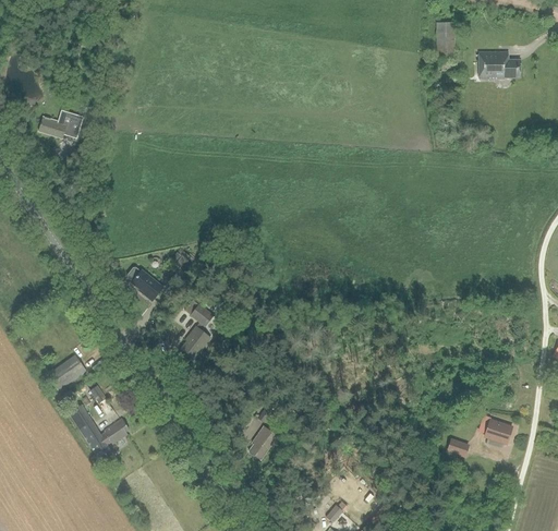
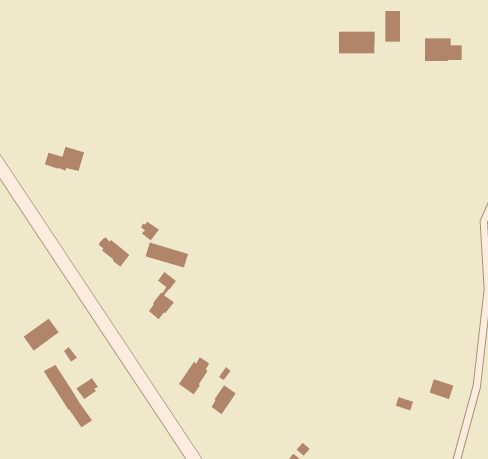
building: none -> [338,31,375,54]
building: [38,109,83,137] -> [44,146,85,172]
building: none -> [145,242,189,269]
building: none -> [178,357,210,395]

